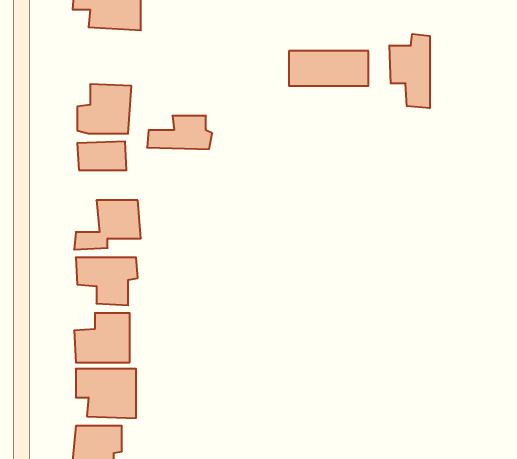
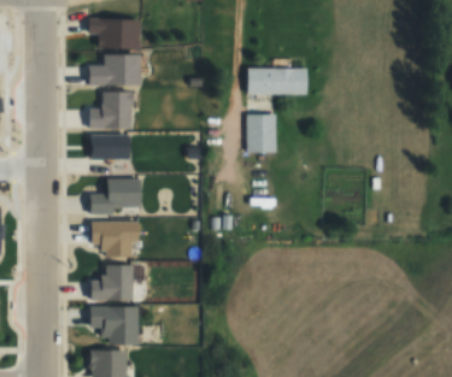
building: [389,34,430,108] -> none
building: none -> [248,112,278,152]
building: [147,116,212,149] -> [89,57,139,82]

